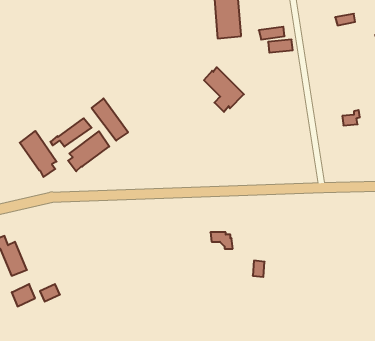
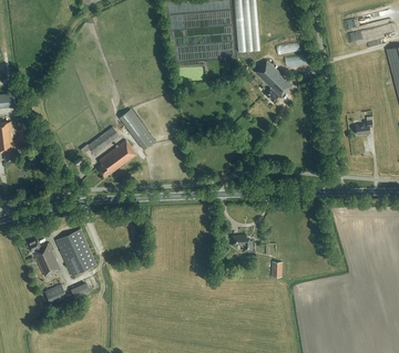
building: [204,67,244,112] -> [255,61,293,103]
building: [20,131,57,177] -> none
building: none -> [55,229,96,277]

